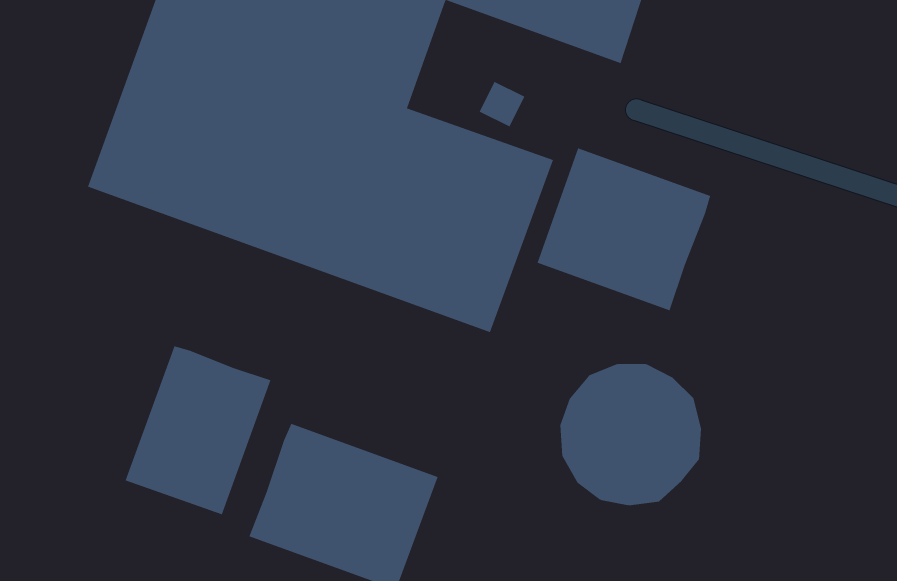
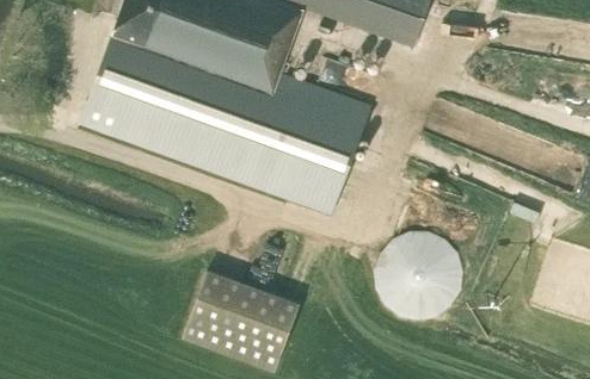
building: [537,147,711,311] -> none
building: [125,346,271,515] -> none

